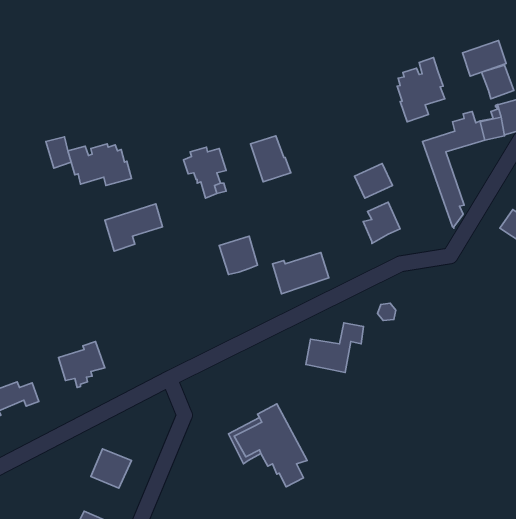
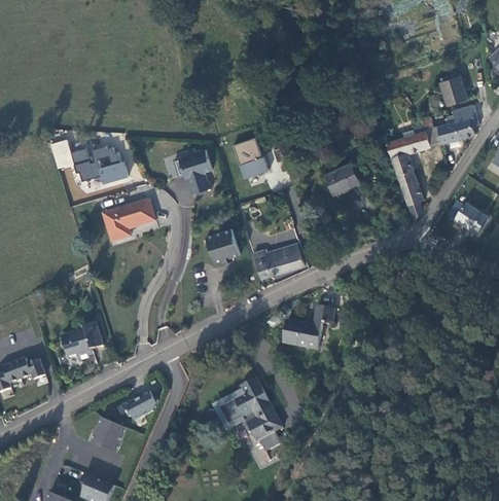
building: [463,40,506,76] -> none
building: [397,57,445,122] -> none
building: [363,202,400,243] -> none
building: none -> [122,391,155,420]

